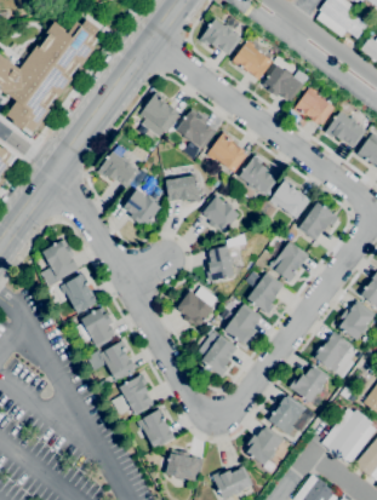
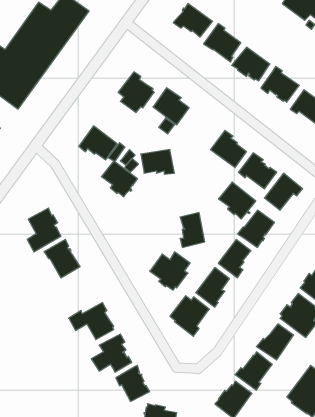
building: [207,132,247,171] -> none
building: [200,194,240,234] -> [219,182,256,219]
building: [75,306,116,347] -> none

